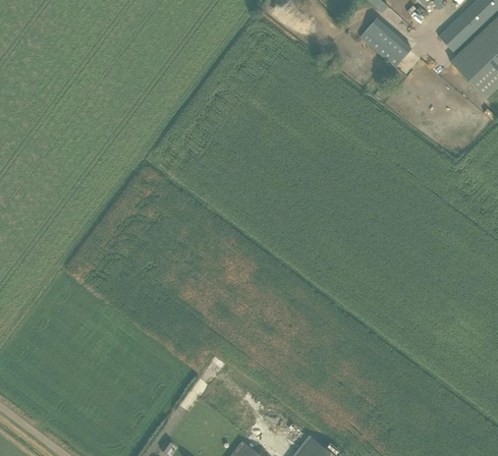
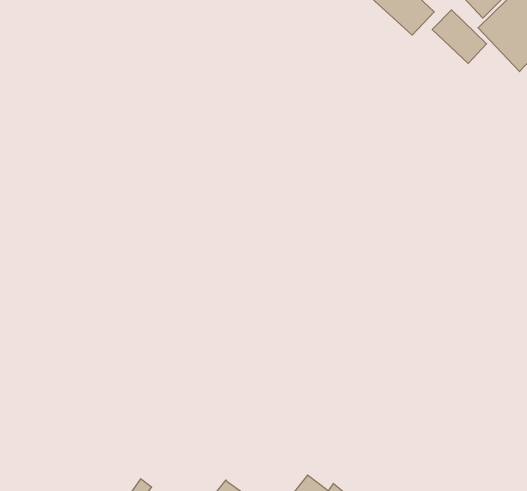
building: none -> [432,10,487,63]

